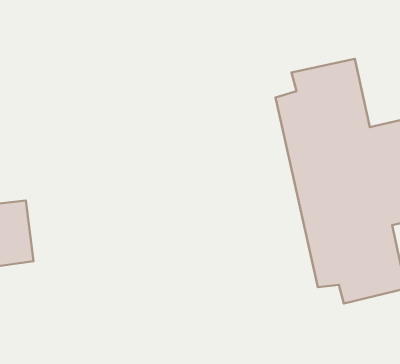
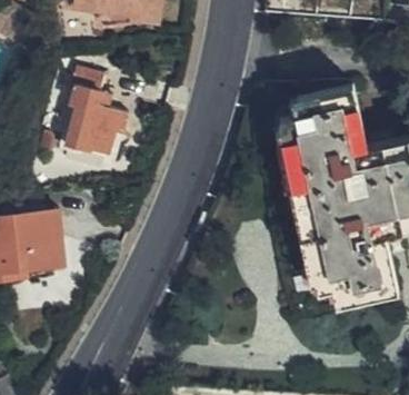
building: none -> [59,73,128,172]

